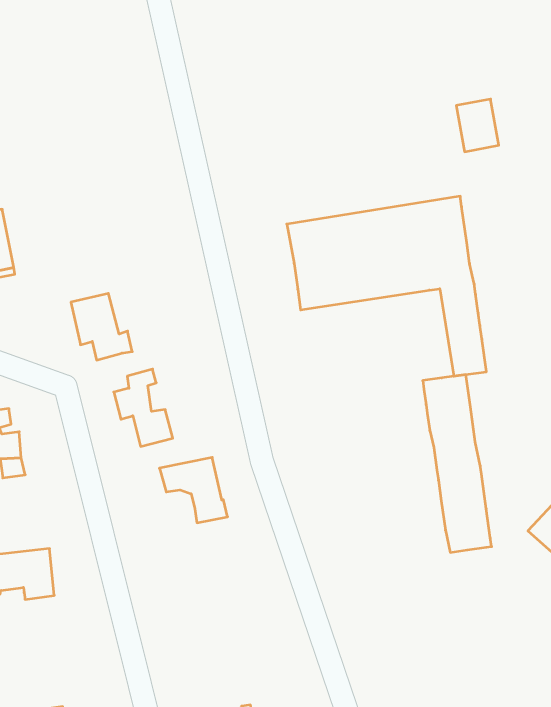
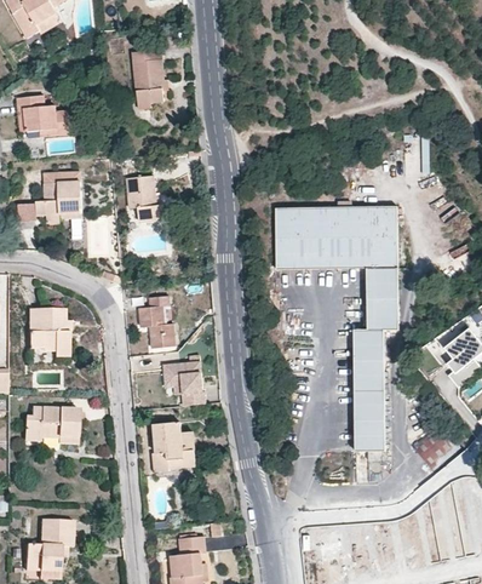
building: none -> [133,50,163,103]
building: [71,293,132,360] -> [127,176,165,221]
building: none -> [154,422,196,471]

